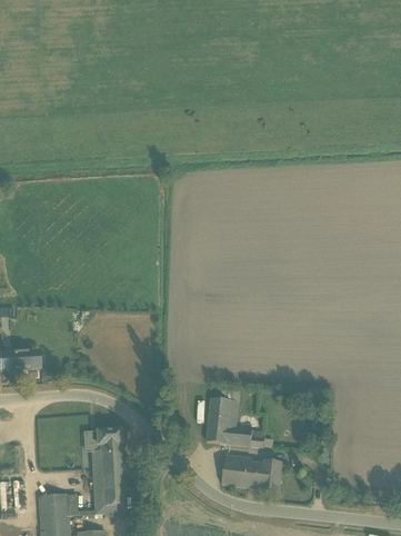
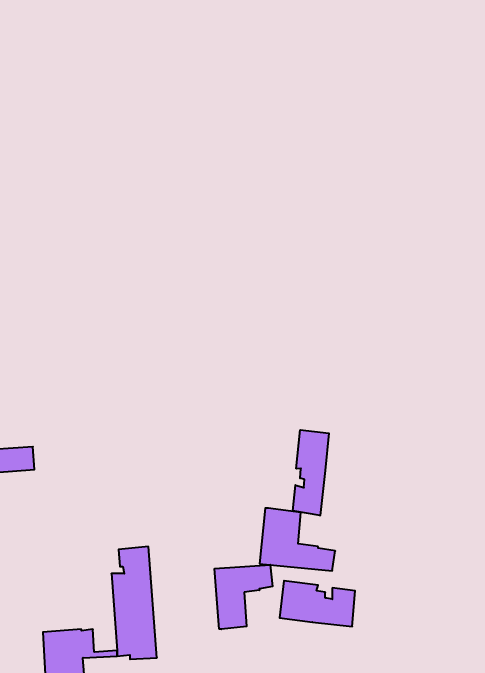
building: none -> [293,430,329,516]
building: none -> [215,565,273,629]

